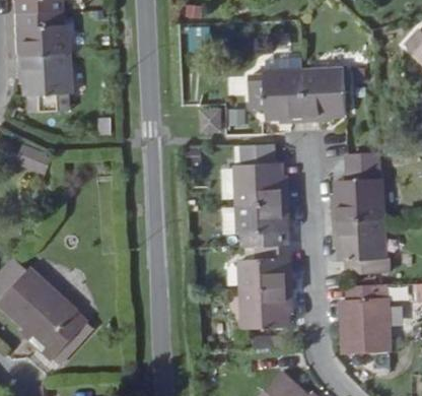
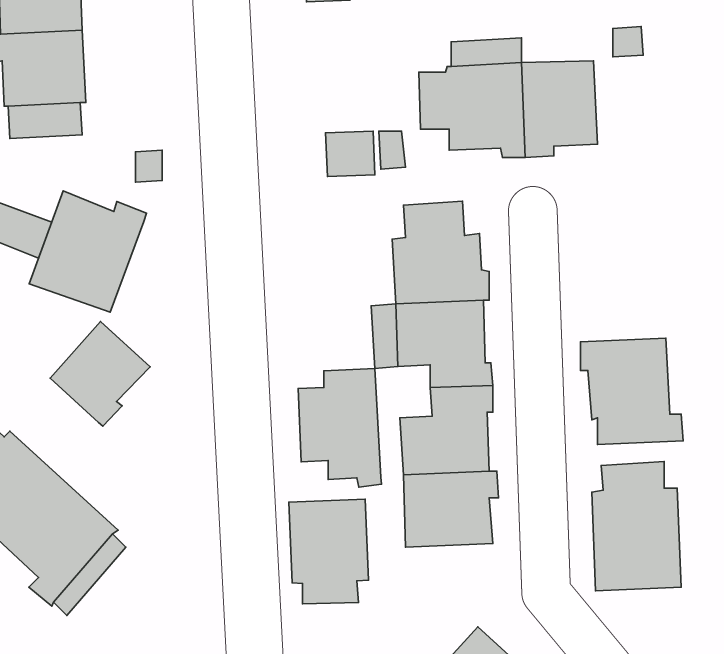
building: none -> [29,191,146,312]
building: [334,154,380,219] -> none
building: none -> [50,322,150,426]
building: none -> [298,369,381,487]
building: none -> [289,499,369,604]

